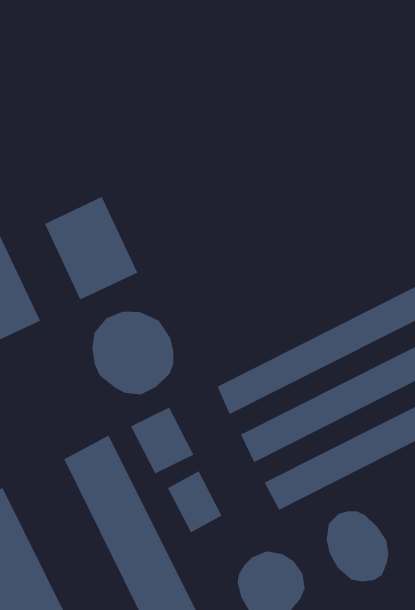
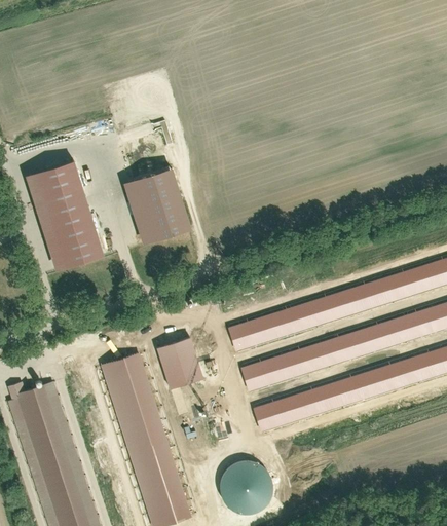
building: [92,311,174,395] -> none
building: [167,471,222,533] -> none
building: [326,511,389,582] -> none

